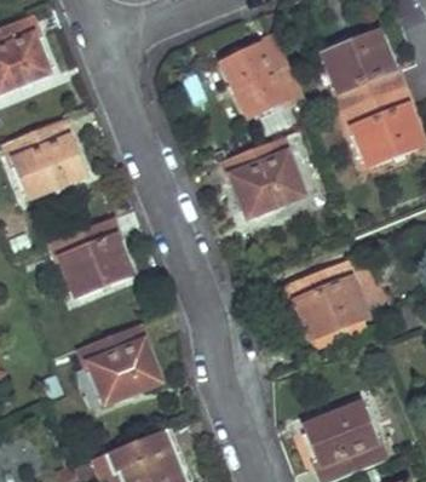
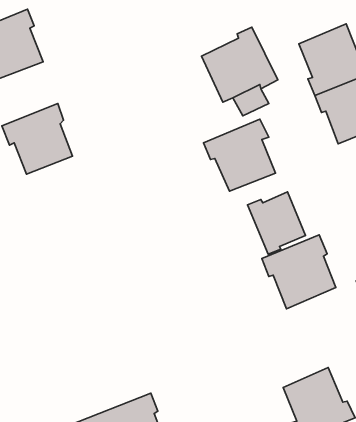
building: none -> [248,192,305,254]
building: [51,219,131,298] -> none
building: [79,323,161,402] -> none

